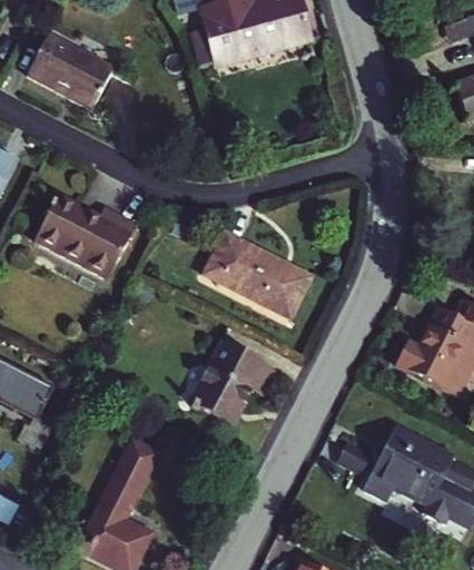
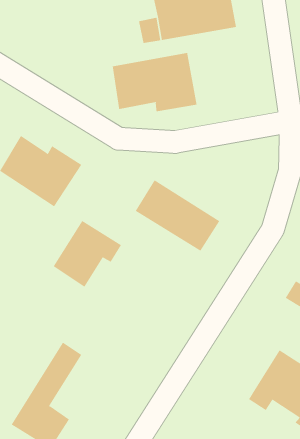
building: [29,36,113,108] -> none
building: none -> [112,52,197,112]
building: [192,343,274,424] -> [53,220,122,288]

